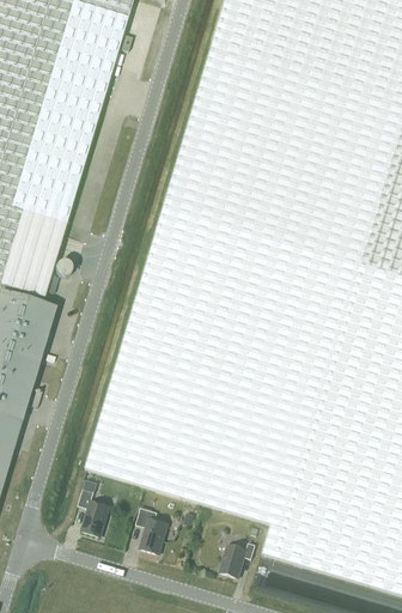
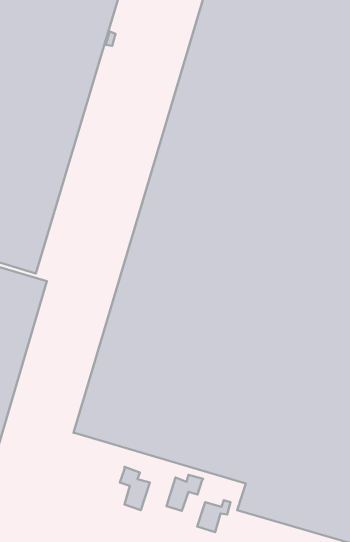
building: [78,487,109,535] -> none
building: none -> [167,475,203,511]

